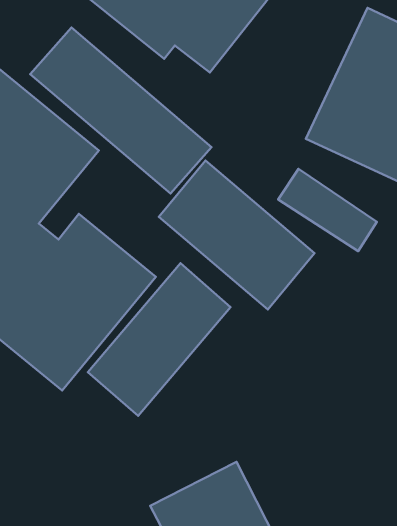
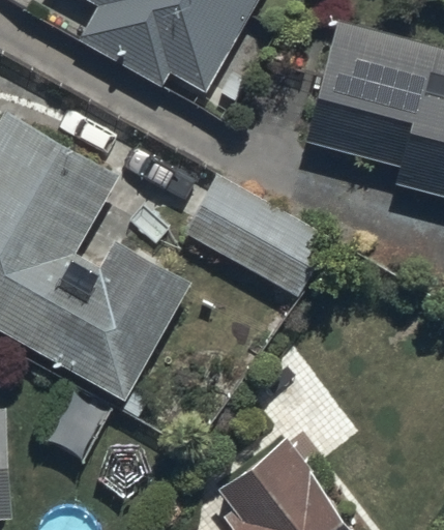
building: [30,28,211,194] -> none
building: [88,263,231,416] -> none

